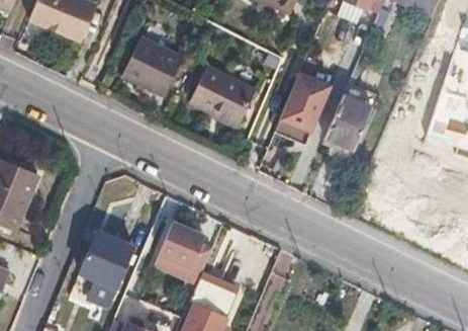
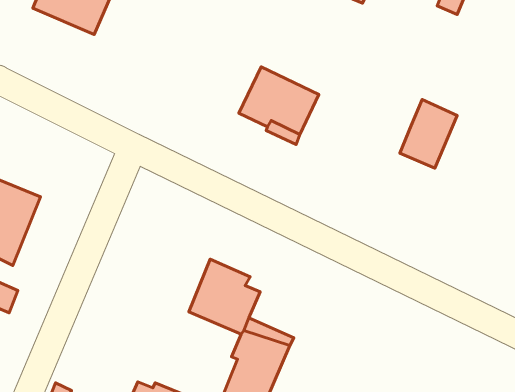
building: [125,37,186,98] -> none
building: [280,70,344,128] -> none
building: [82,231,134,308] -> none

